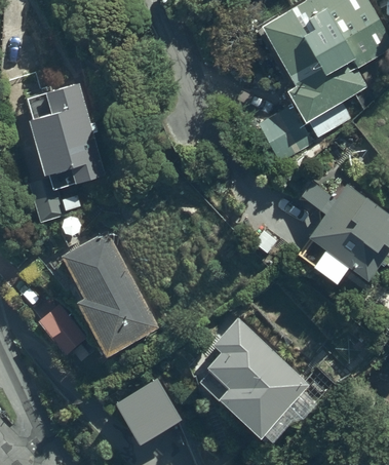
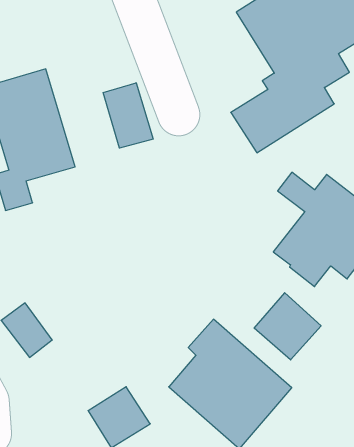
building: none -> [103,83,153,148]
building: [60,228,162,357] -> none
building: none -> [254,293,321,360]

